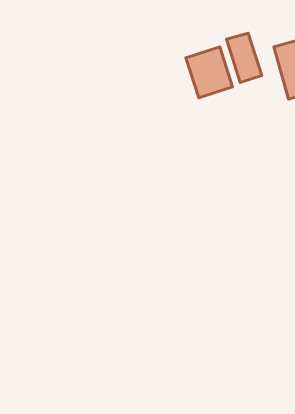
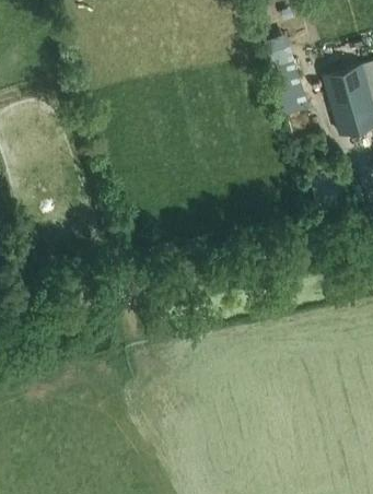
building: [186,47,232,98] -> none

